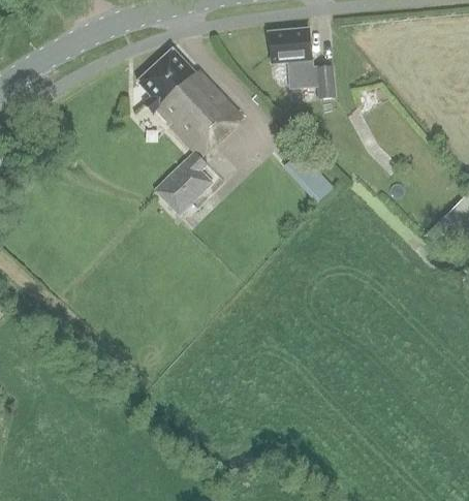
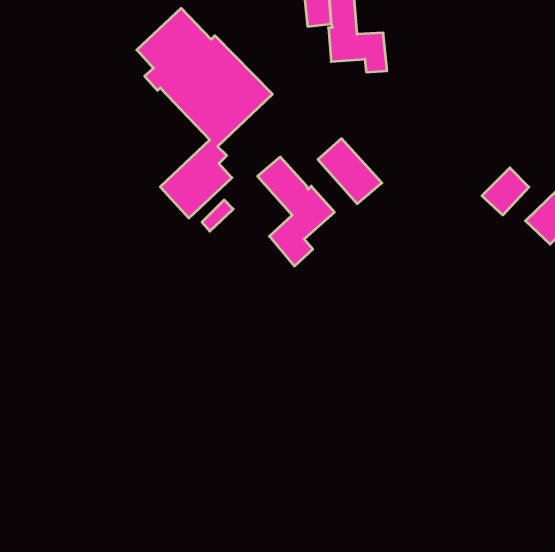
building: none -> [258,157,334,266]
building: none -> [482,168,529,215]

